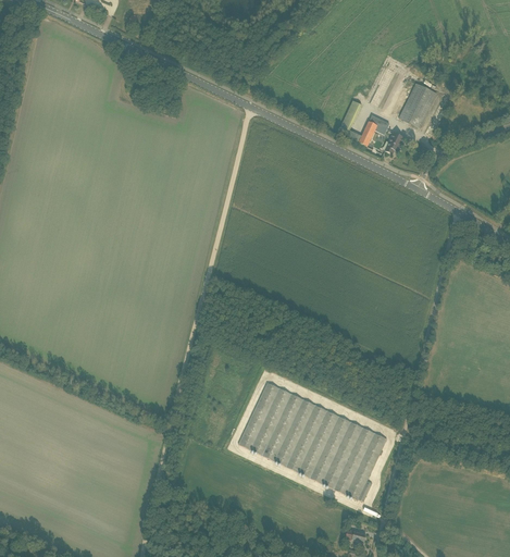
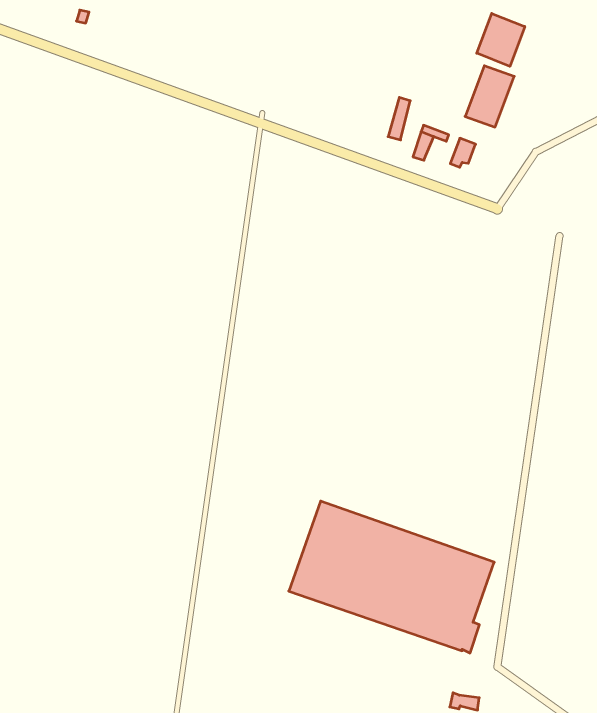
building: none -> [477,13,525,66]

